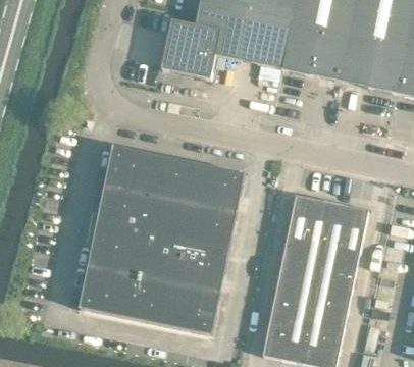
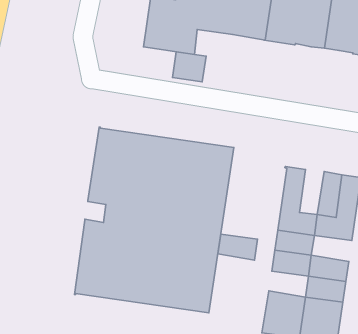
building: none -> [172,52,206,82]
building: [306,198,332,243] -> none
building: [315,263,356,291] -> none
building: [271,296,311,323] -> [218,234,257,260]

